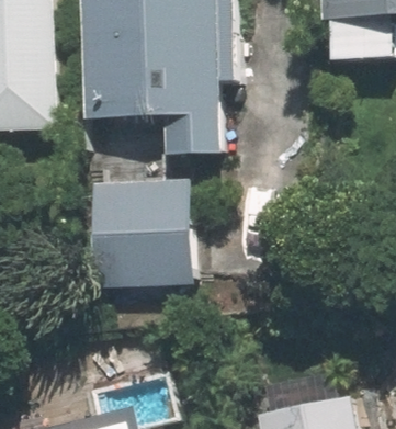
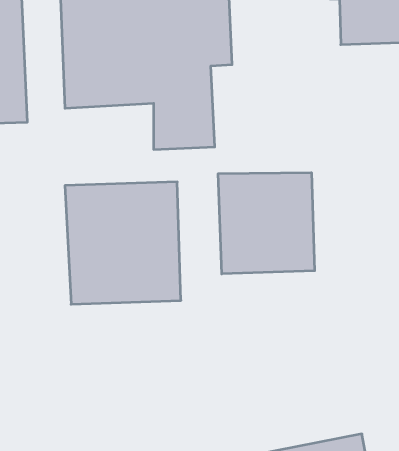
building: none -> [218,173,315,274]

